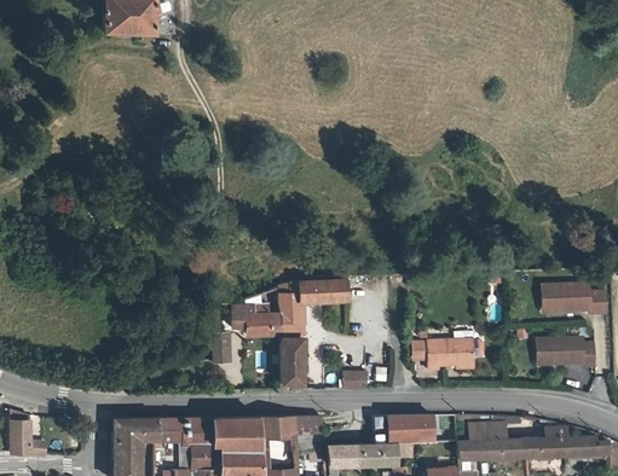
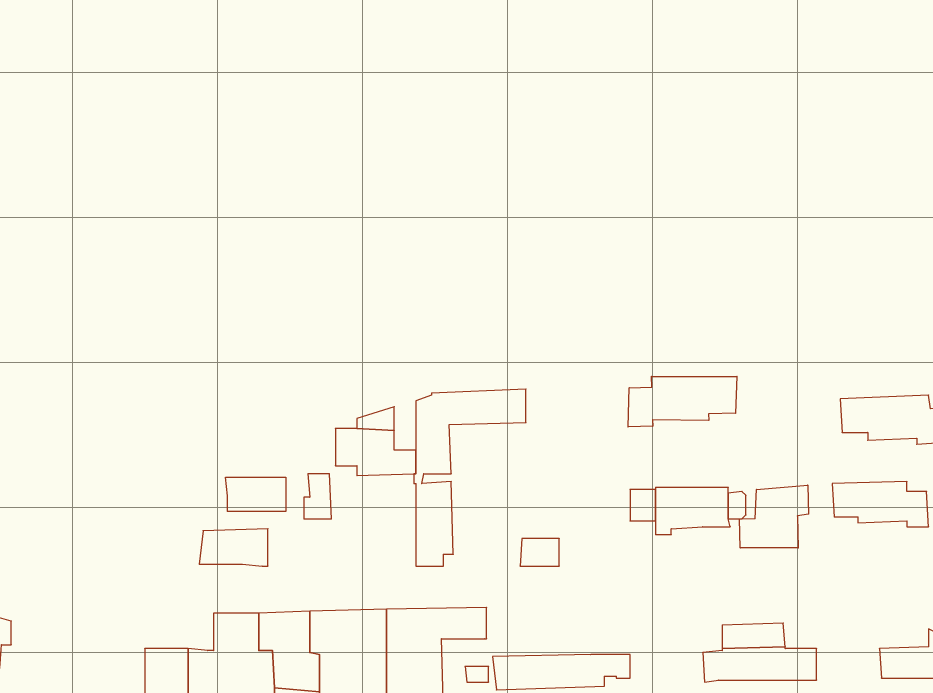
building: none -> [628,376,737,427]
building: none -> [226,477,286,511]
building: none -> [740,485,809,548]
building: [388,416,434,443] -> none
building: [115,418,157,441] -> [199,529,268,566]
building: [529,437,568,459] -> none

